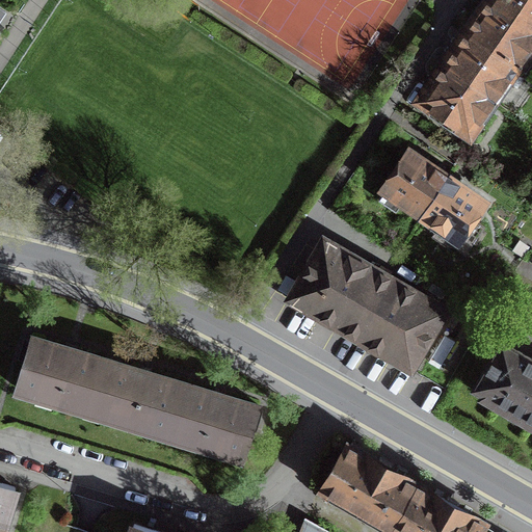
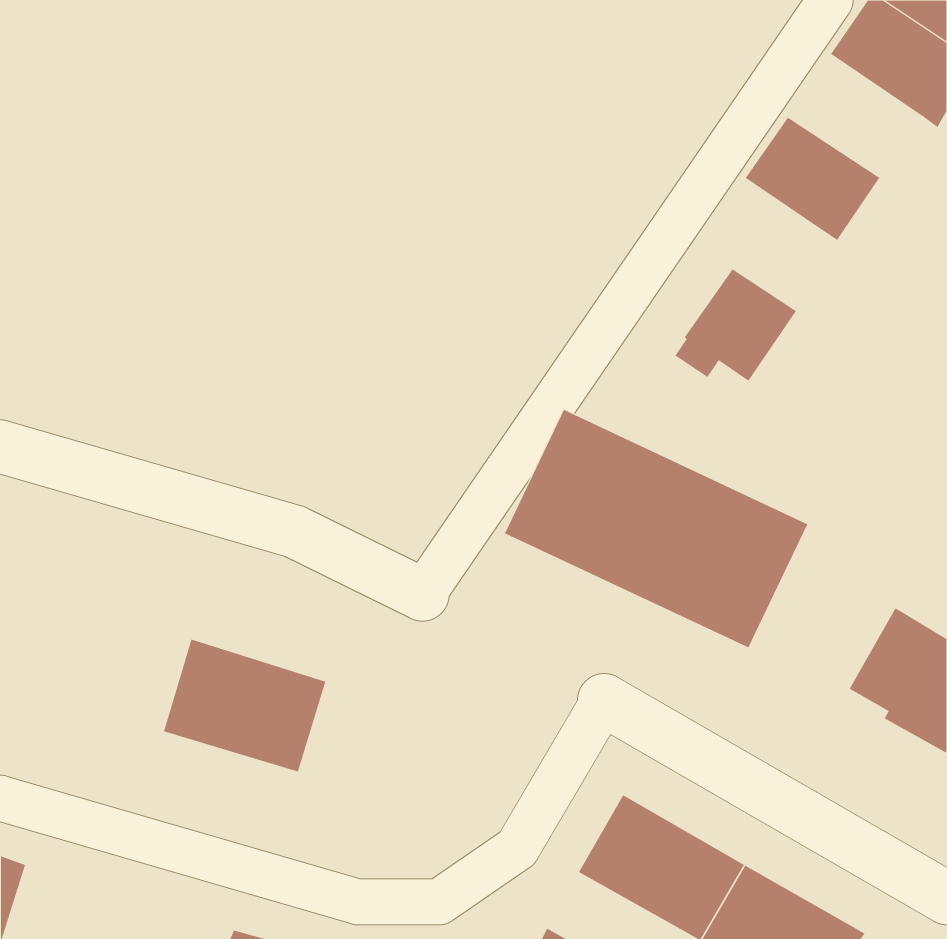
building: [442,34,517,104] -> none
building: [420,179,484,251] -> none
building: [16,340,107,415] -> none
building: [167,387,260,461] -> none

